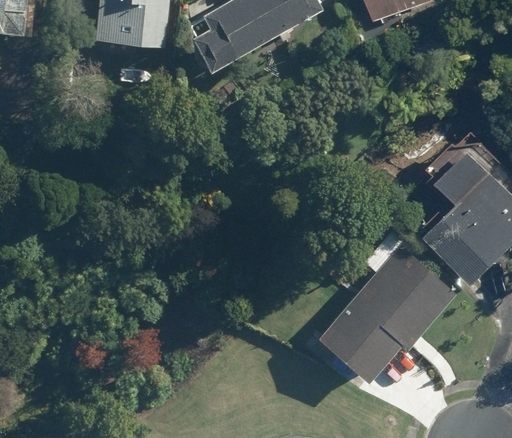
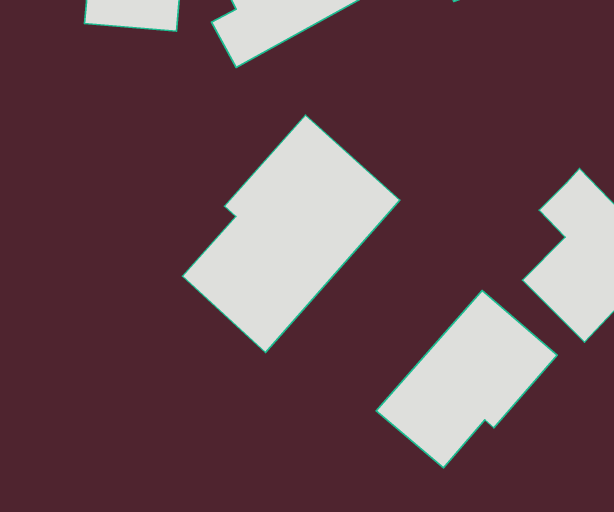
building: none -> [182,115,400,352]

